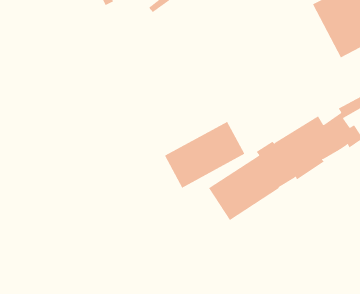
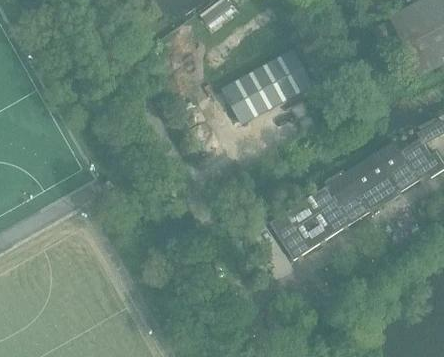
building: [164,121,245,188] -> [221,48,313,124]

